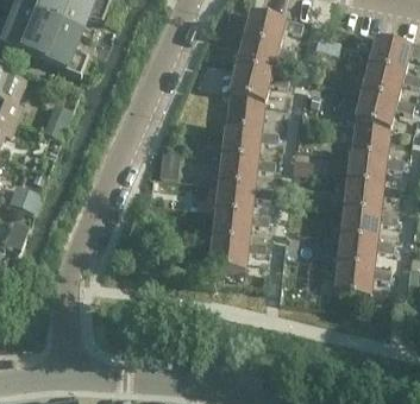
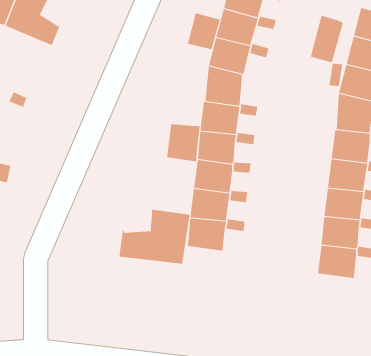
building: none -> [187,13,220,50]
building: none -> [310,15,344,63]
building: none -> [166,123,200,162]
building: none -> [119,209,190,264]

